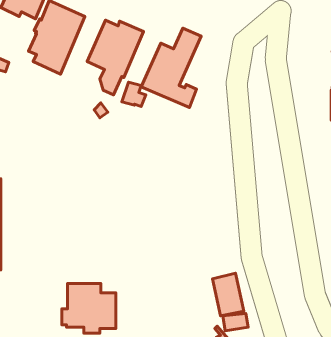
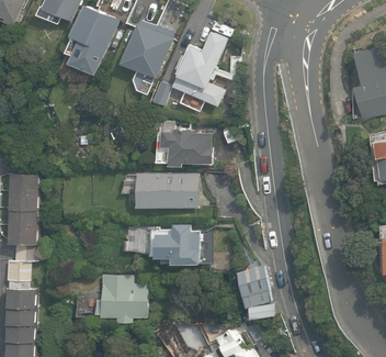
building: none -> [156,120,211,165]
building: none -> [121,171,197,208]
building: none -> [148,223,197,264]

